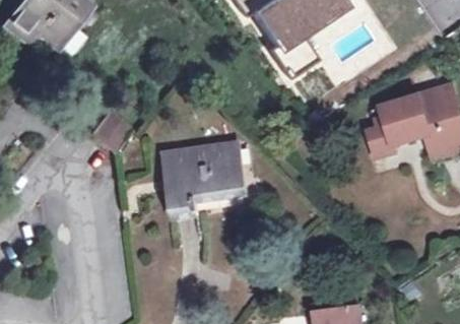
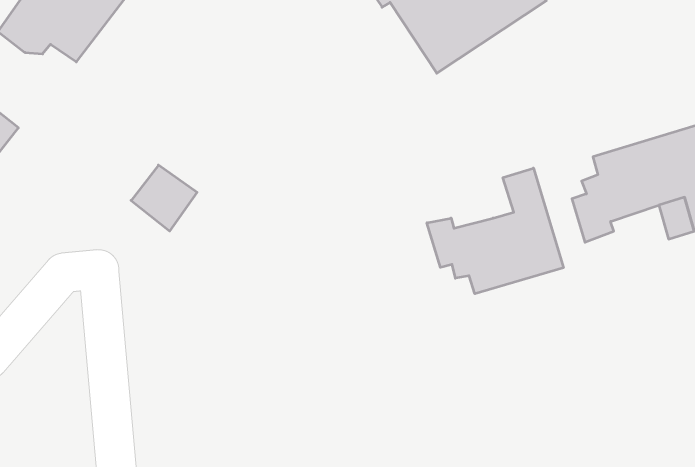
building: none -> [427,168,563,294]
building: [167,144,242,213] -> none

